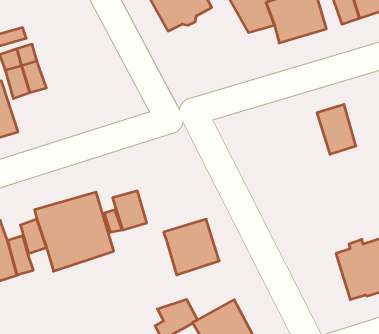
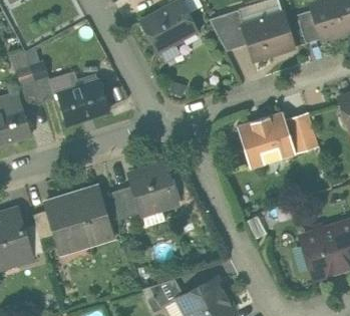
building: none -> [56,80,108,124]
building: none -> [237,112,296,169]
building: [164,219,219,275] -> [129,166,177,213]

